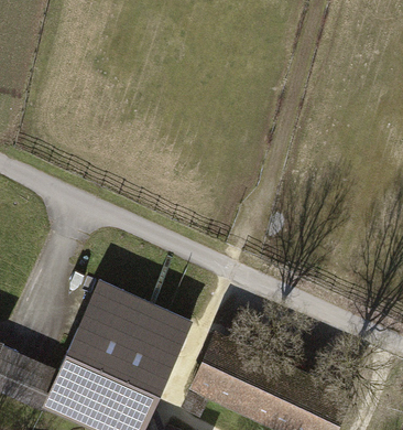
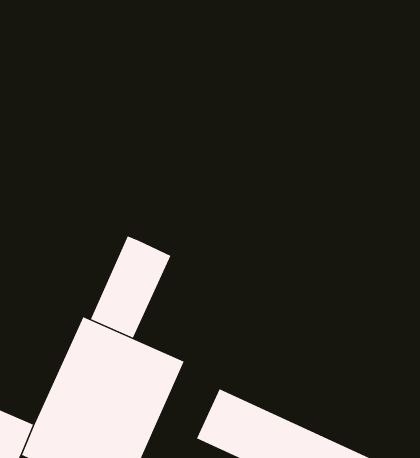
building: none -> [90,236,171,338]

